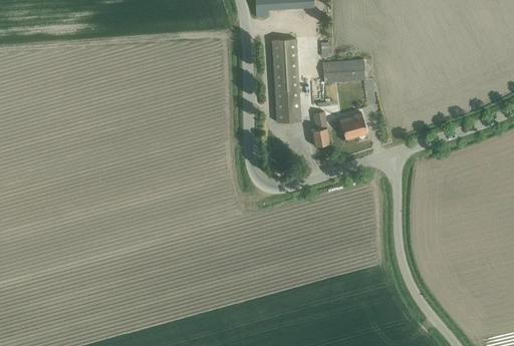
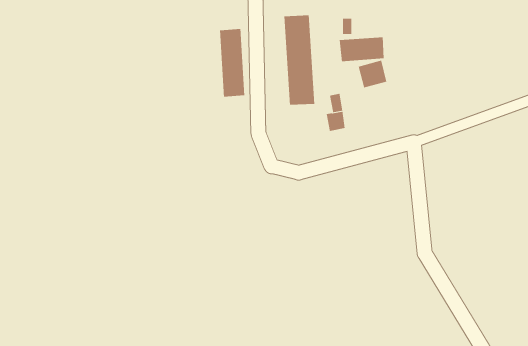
building: none -> [219,28,245,97]
building: [338,113,365,139] -> [358,60,387,88]

